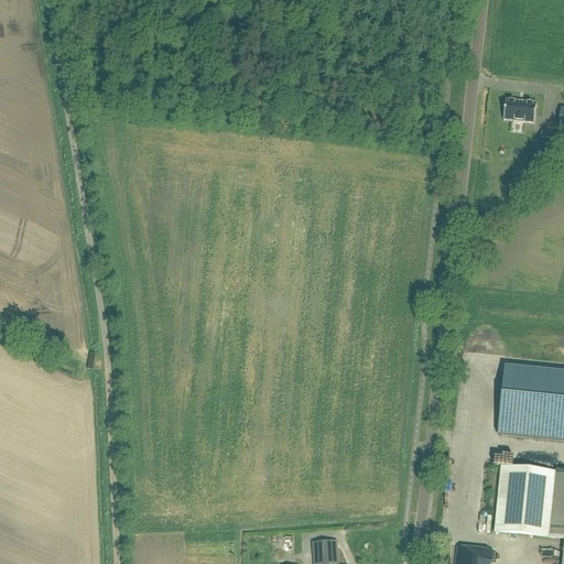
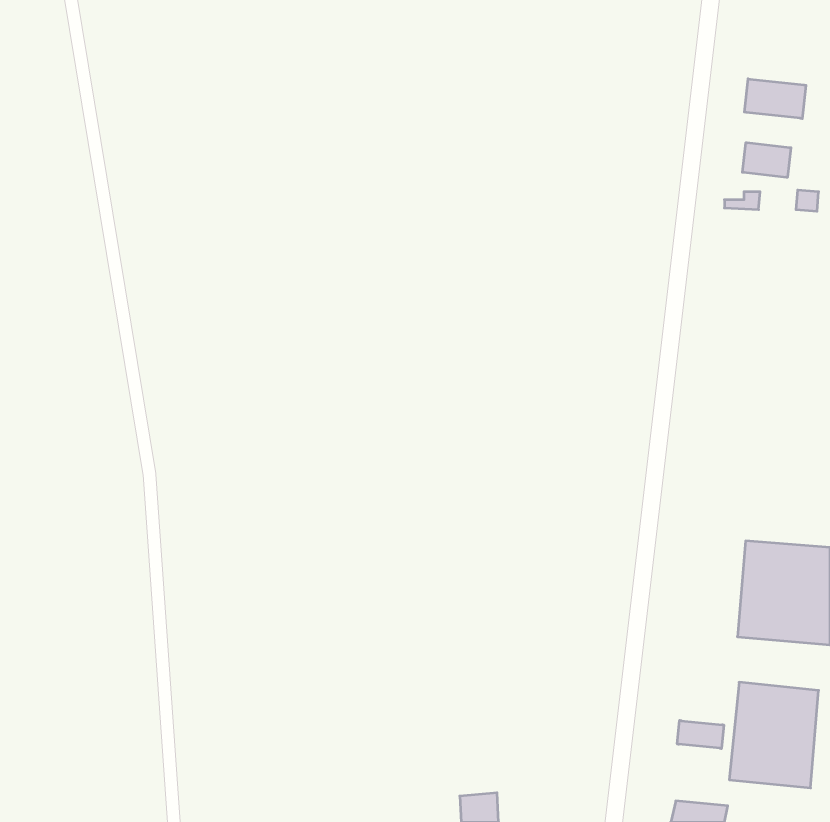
building: none -> [744,79,806,119]
building: none -> [677,720,724,749]

